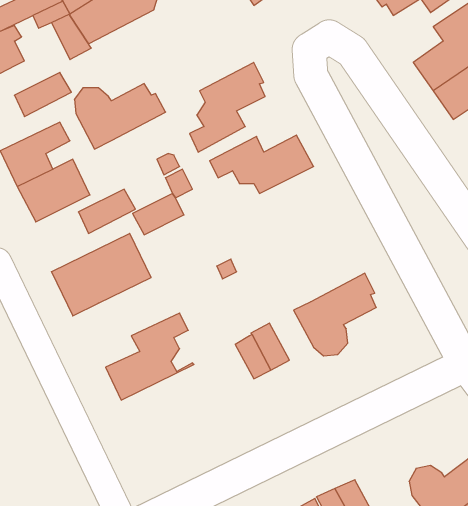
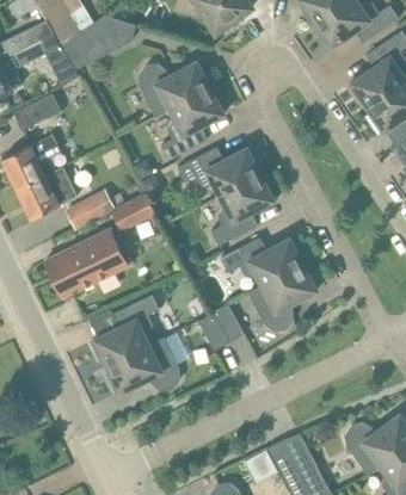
building: [74,84,166,149] -> [139,61,215,116]
building: none -> [211,172,278,246]
building: none -> [221,236,308,285]
building: none -> [104,338,180,394]

